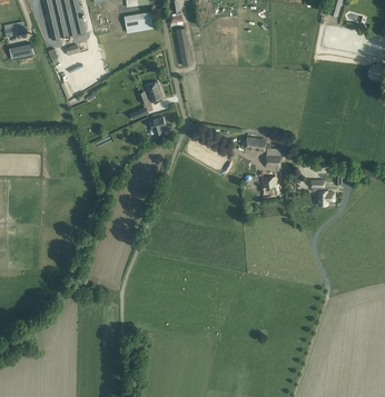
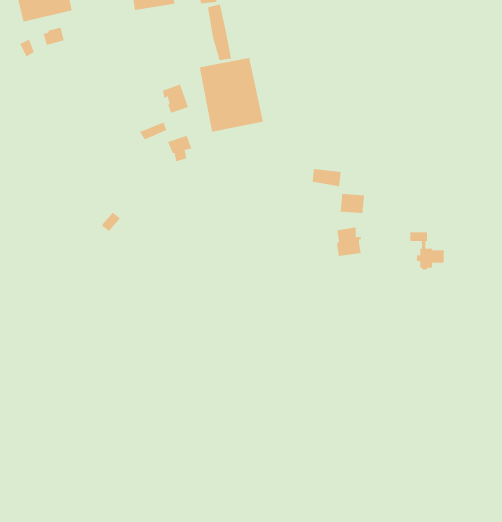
building: none -> [199,57,264,133]

